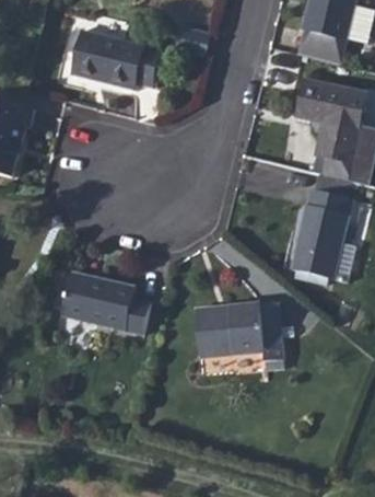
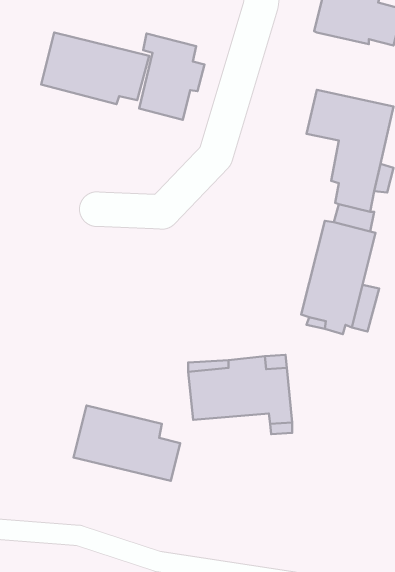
building: [297,30,347,63] -> none
building: none -> [139,34,205,120]
building: [60,270,150,334] -> [73,405,180,481]

